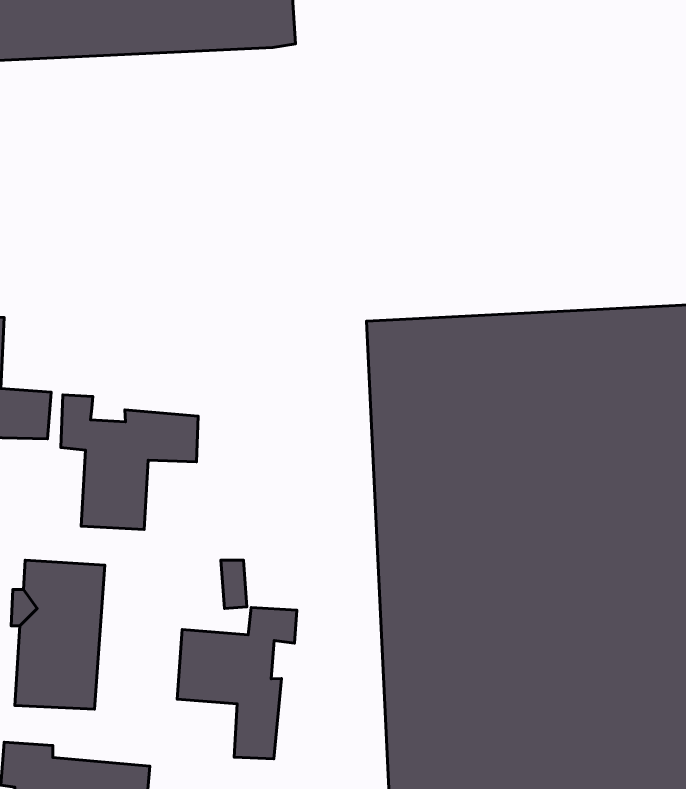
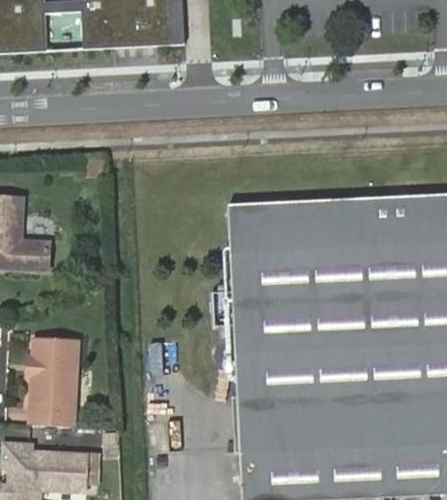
building: [61,395,198,530] -> none
building: [177,608,297,759] -> none

